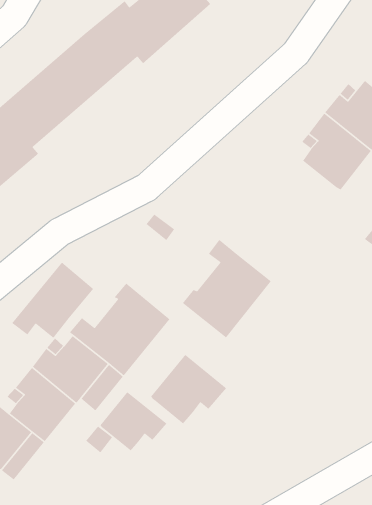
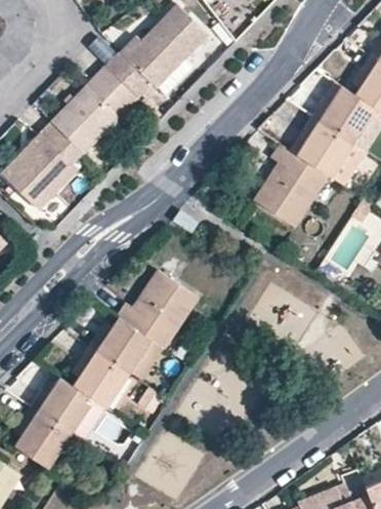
building: [182,239,272,339] -> [253,145,325,226]
building: [11,262,94,339] -> none
building: [150,354,227,424] -> none
building: [99,391,167,451] -> none

